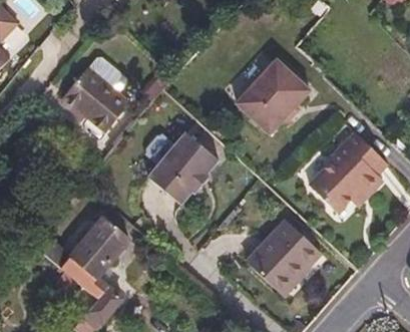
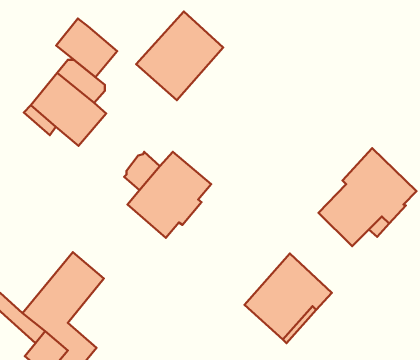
building: none -> [56,19,117,77]
building: [238,59,311,133] -> [136,12,223,100]

